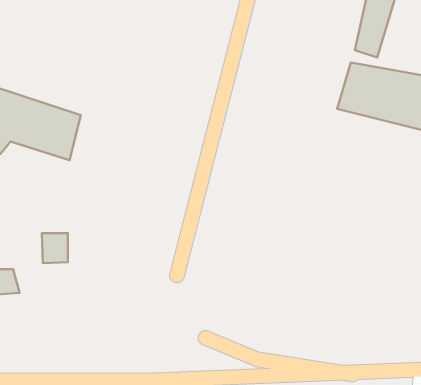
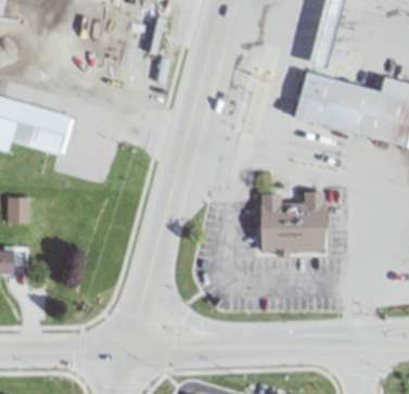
building: none -> [258,192,327,255]
building: [42,233,68,263] -> [5,198,28,224]

